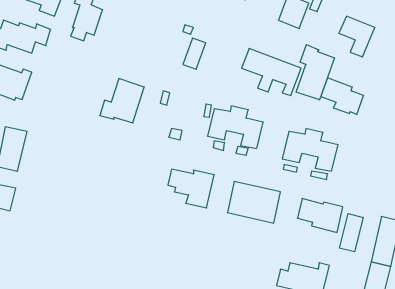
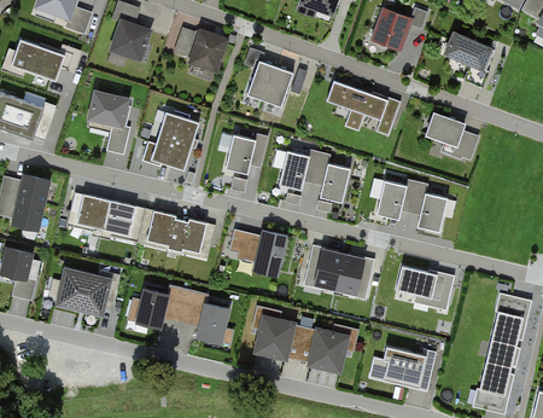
building: none -> [177,25,228,69]
building: none -> [265,68,294,108]
building: [296,45,334,100] -> none
building: none -> [86,91,130,155]
building: none -> [226,134,268,176]
building: none -> [66,192,214,259]
building: none -> [54,268,113,318]
building: none -> [127,286,233,344]
building: [340,214,363,252] -> none
building: none -> [250,306,358,375]

